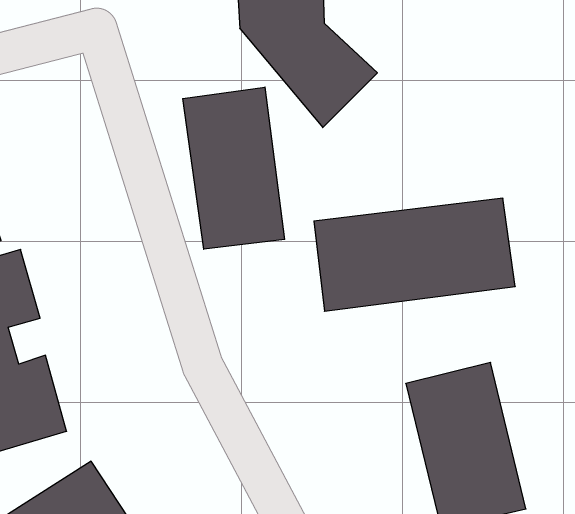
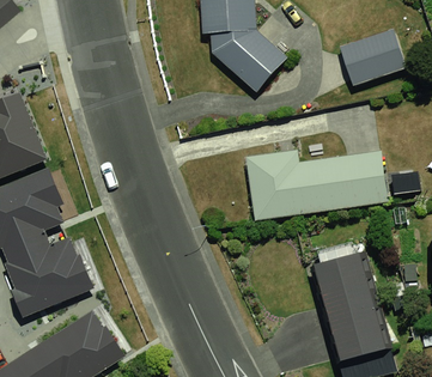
building: none -> [337,26,407,83]
building: [183,87,285,249] -> none

